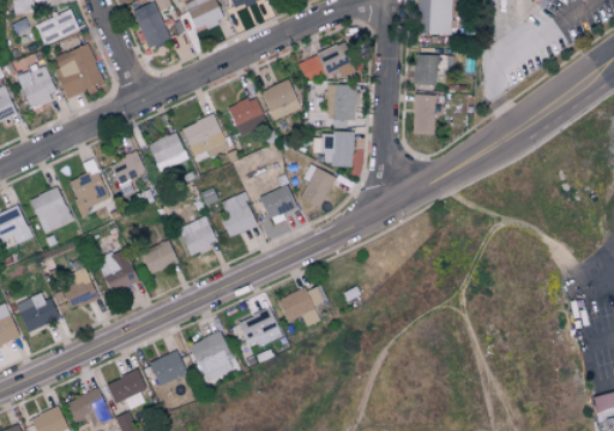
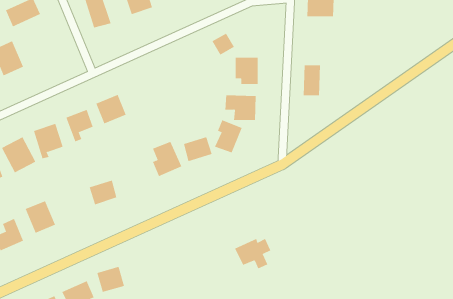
building: [318,42,356,78] -> none
building: [54,43,104,97] -> none
building: [415,54,438,85] -> none
building: [261,79,301,120] -> none
building: [229,97,266,134] -> none
building: [182,114,228,162] -> none
building: [182,216,217,256] -> none
building: [96,249,138,293] -> none
building: [277,287,324,327] -> [234,238,271,269]
building: [239,310,282,348] -> none
building: [188,331,237,384] -> none

